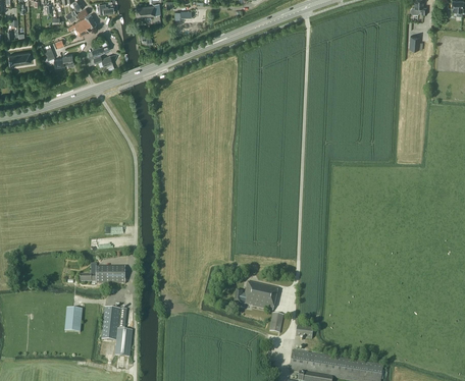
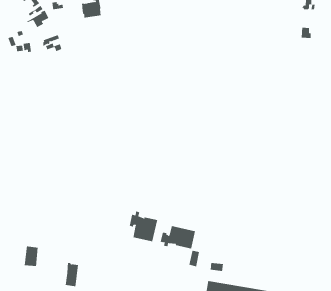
building: [80,263,125,283] -> none
building: none -> [129,211,158,242]
building: [101,308,127,341] -> none

